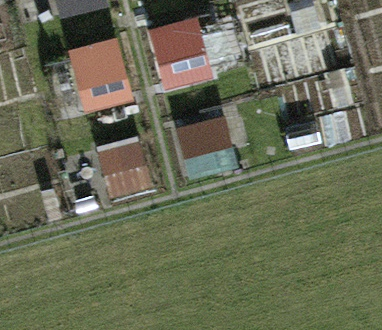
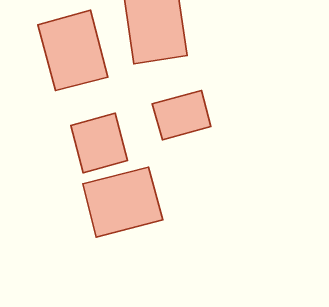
building: none -> [83,167,163,237]

